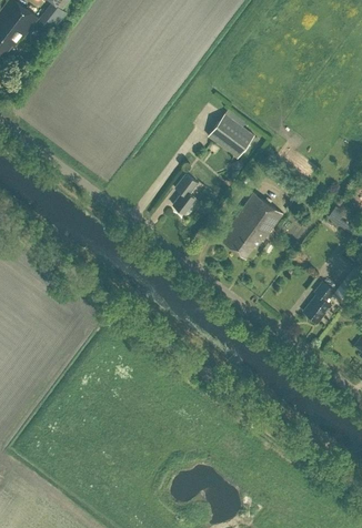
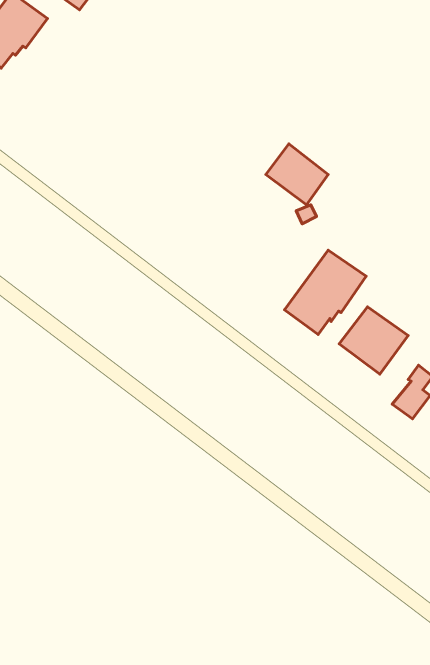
building: [173,174,199,214] -> none
building: none -> [339,307,408,374]

